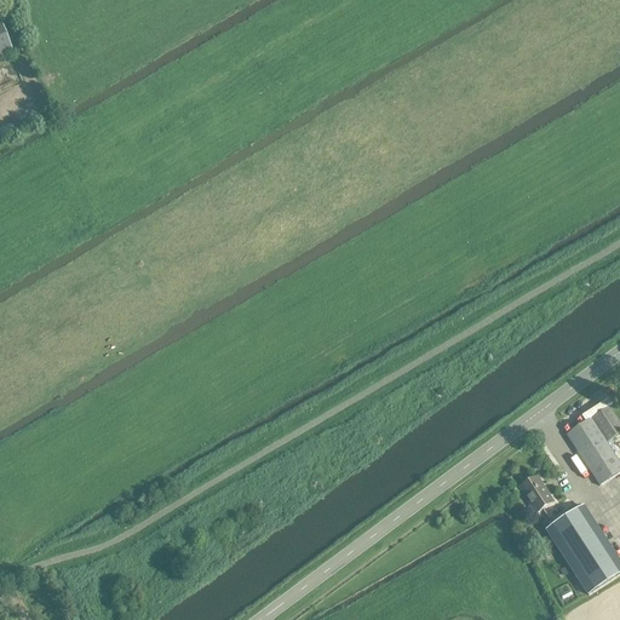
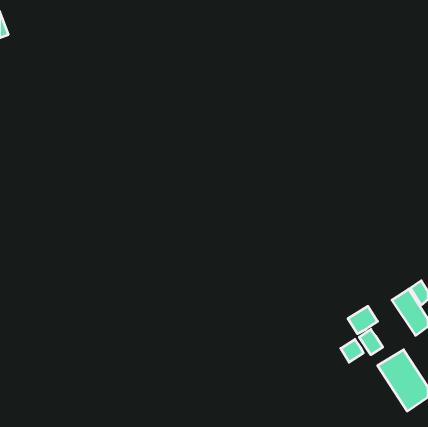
building: none -> [348,306,378,334]
building: none -> [341,339,363,362]

